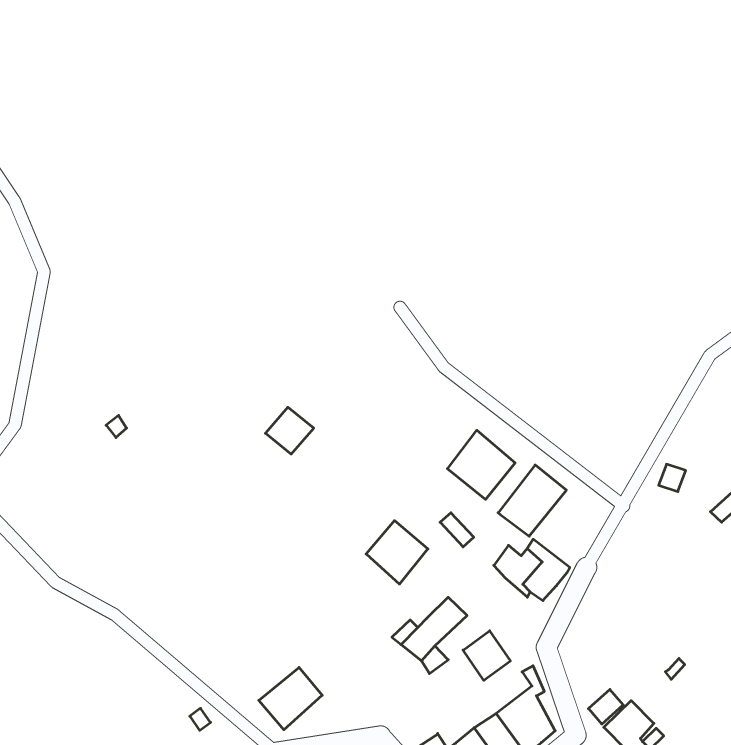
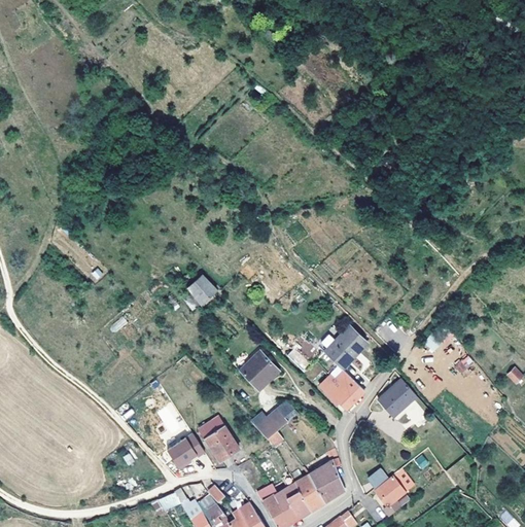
building: [447,430,515,499] -> none
building: none -> [377,379,416,416]
building: [463,631,510,680] -> none
building: none -> [199,416,239,460]

